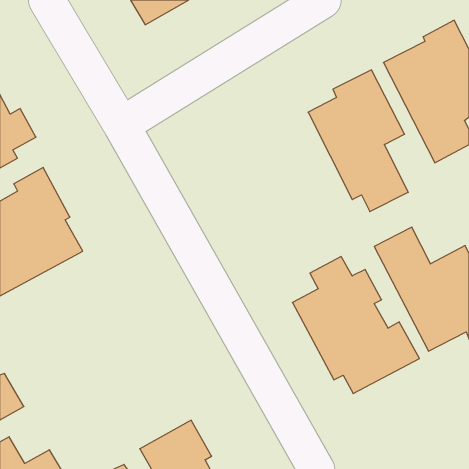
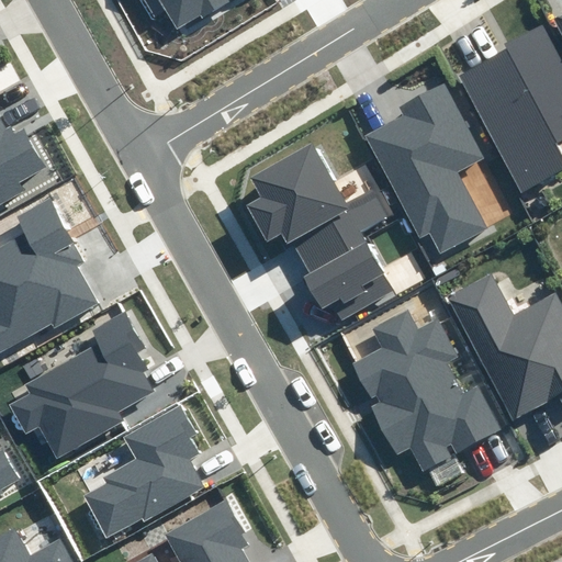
building: none -> [246,144,393,322]
building: none -> [9,307,155,457]
building: none -> [82,411,206,540]

